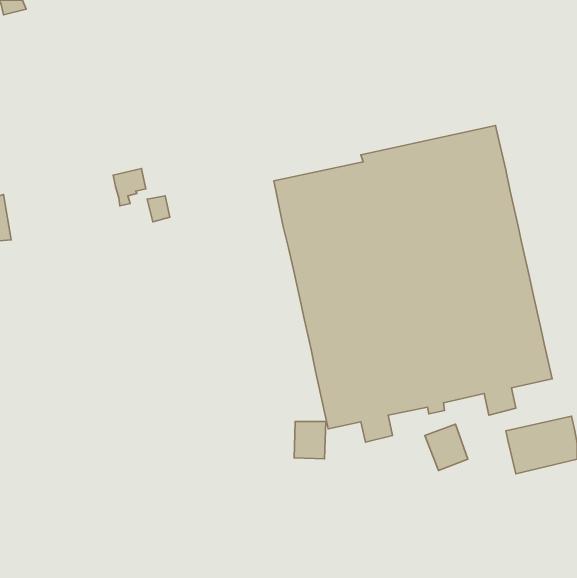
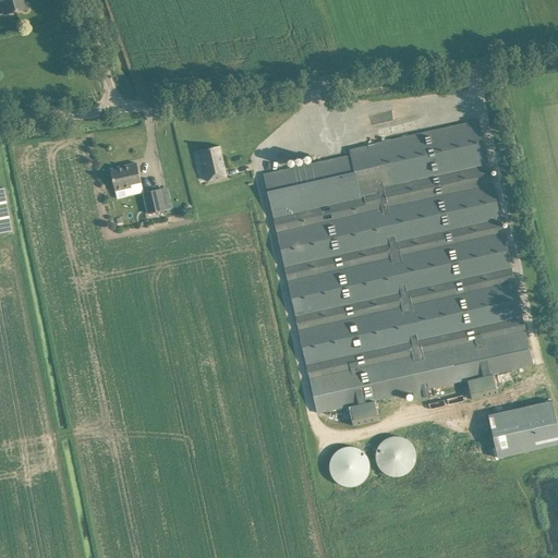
building: none -> [199,145,226,181]
building: [294,422,326,459] -> [333,448,364,484]
building: [425,424,468,471] -> [375,434,416,478]

